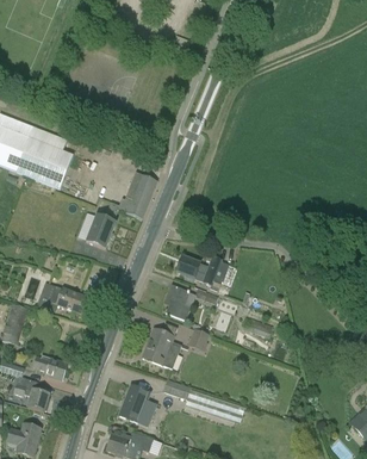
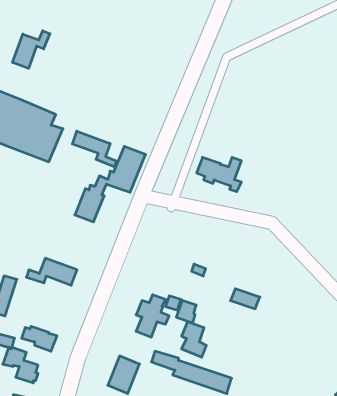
building: none -> [13,31,50,68]
building: none -> [72,131,116,167]
building: [176,256,222,291] -> [197,157,241,192]
building: [166,285,191,321] -> [182,322,206,357]

